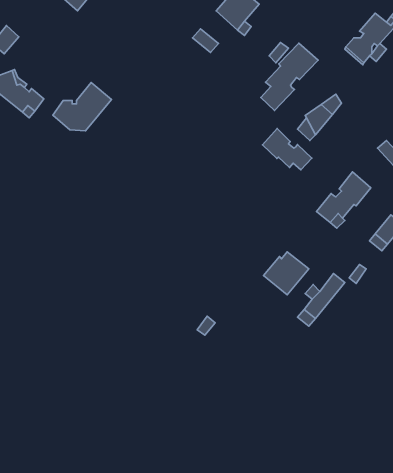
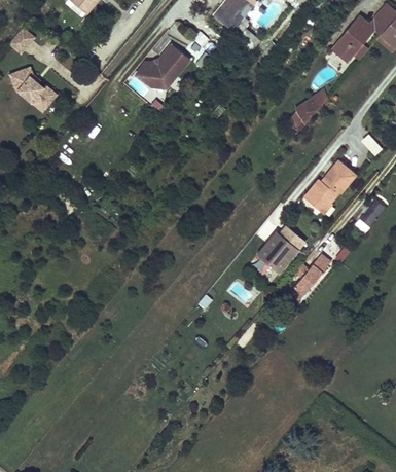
building: [261,43,318,110] -> none
building: [53,83,112,131] -> [136,44,189,88]
building: [262,129,312,170] -> none

